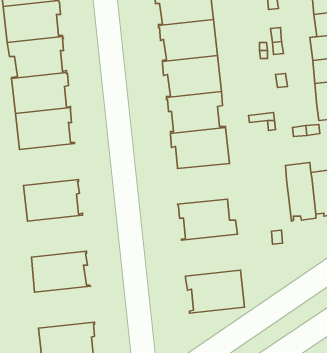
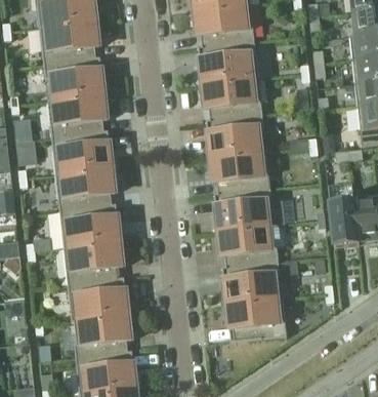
building: none -> [55,167,116,210]
building: none -> [213,188,285,230]
building: none -> [64,241,124,284]
building: none -> [221,261,282,304]
building: none -> [71,314,132,357]

